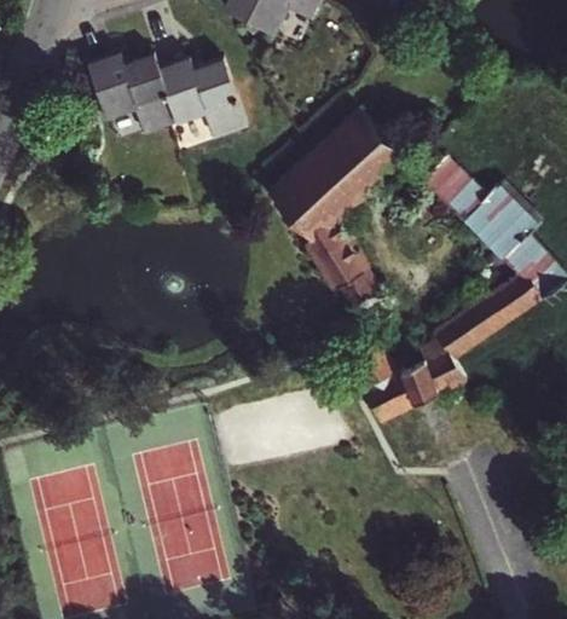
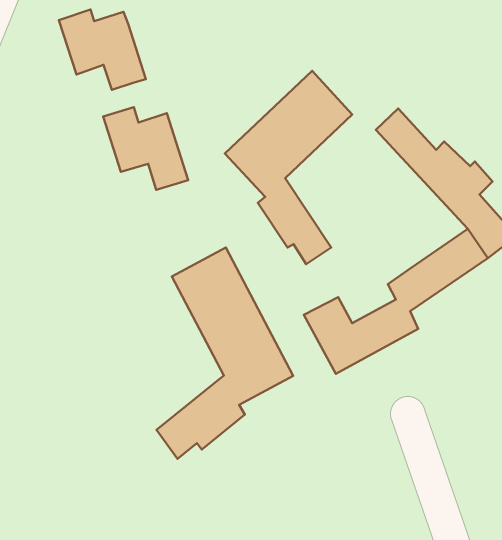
building: [167,53,254,138] -> [103,107,188,190]
building: none -> [157,247,293,459]

